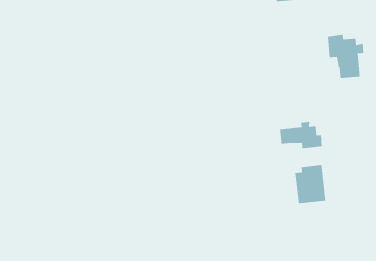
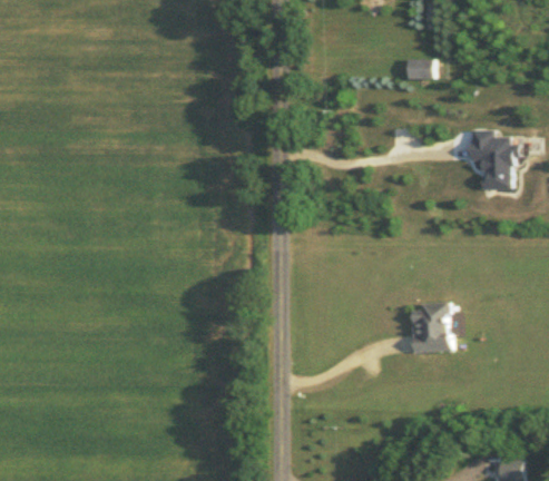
building: [280,121,322,149] -> none

